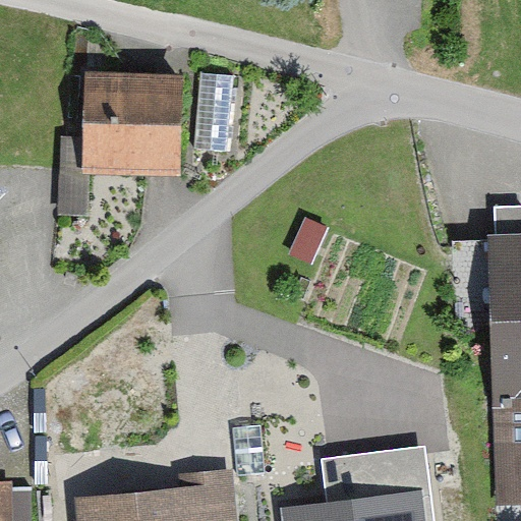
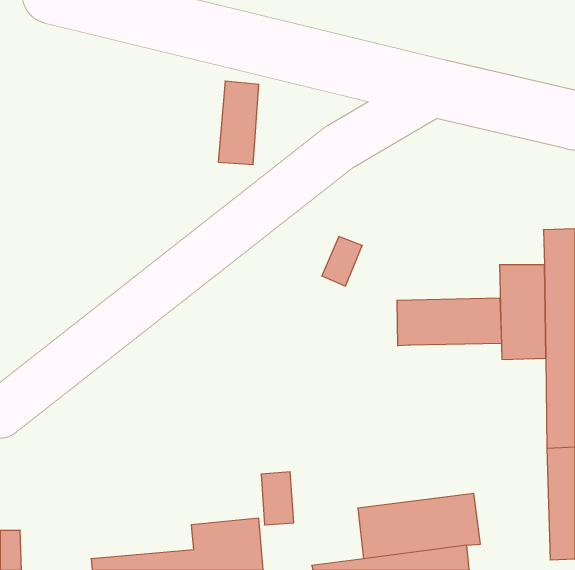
building: [84,76,186,180] -> none
building: none -> [397,298,501,346]

